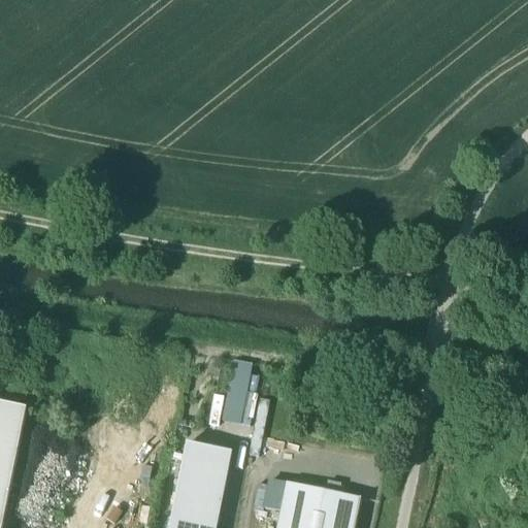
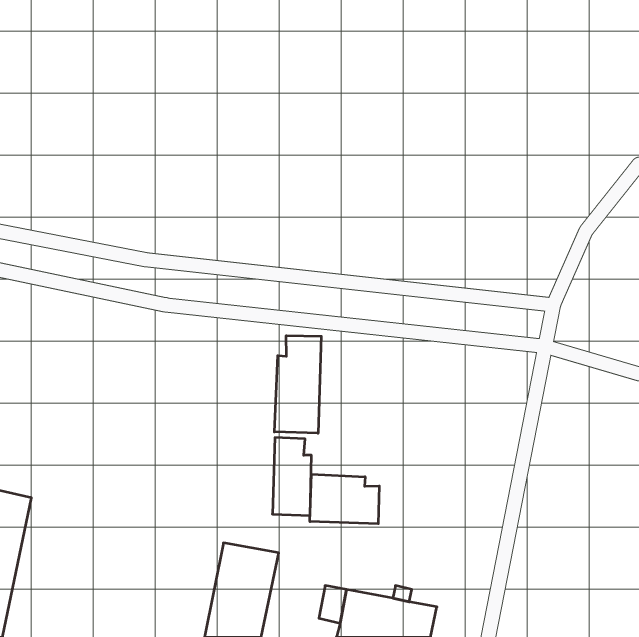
building: none -> [274,336,321,433]
building: none -> [310,474,379,524]

